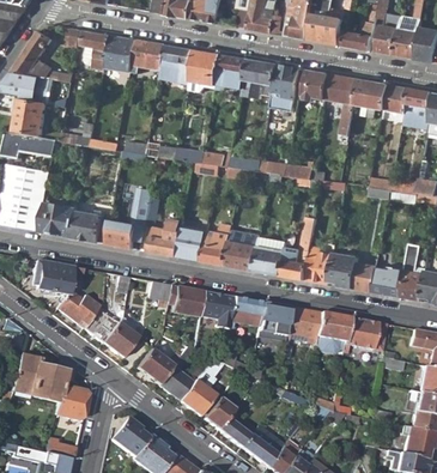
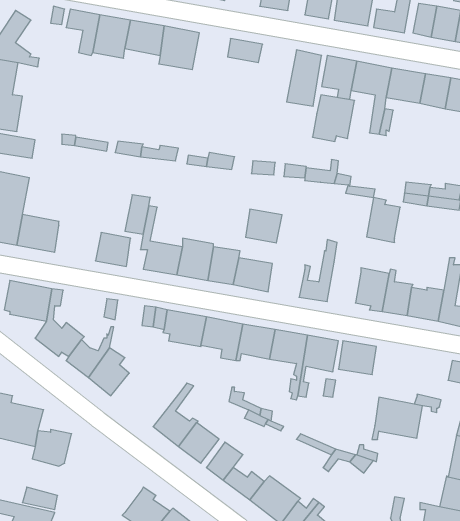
building: [189,50,221,86] -> none
building: [242,60,278,99] -> [312,95,355,141]
building: [72,214,111,244] -> none
building: [304,245,333,284] -> [367,197,400,242]
building: [254,247,285,275] -> [246,209,282,243]
building: [340,317,383,353] -> [372,397,423,439]
building: [134,352,177,386] -> none
building: [110,420,146,459] -> none

